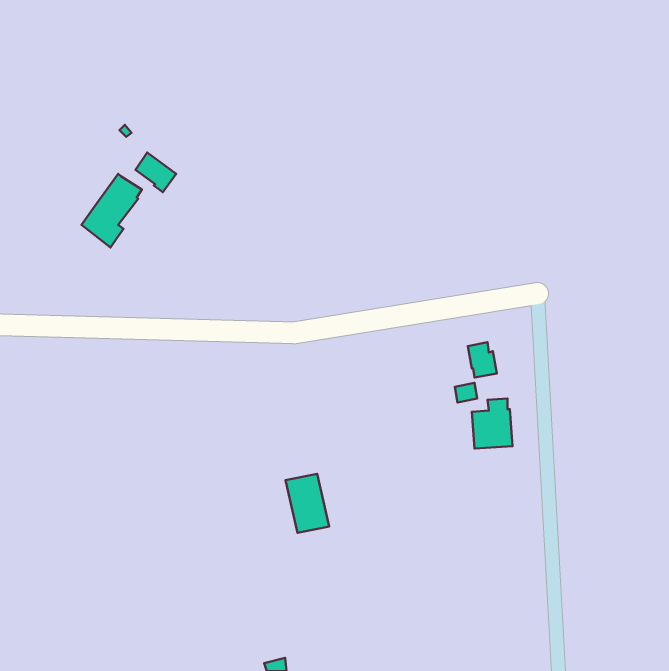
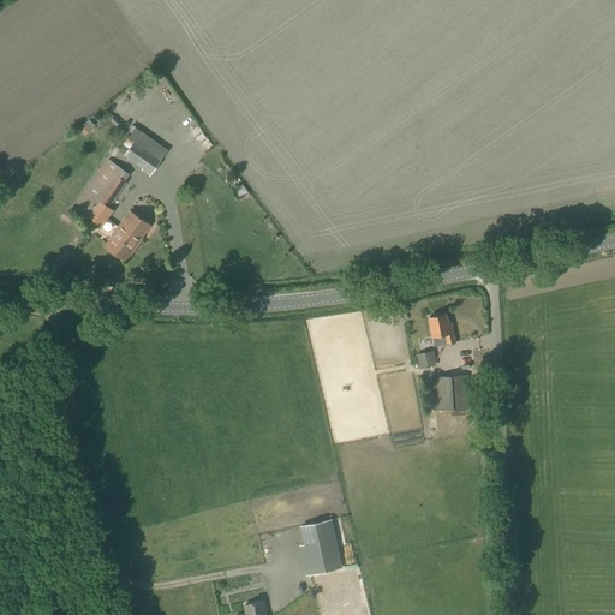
building: none -> [107,209,153,259]
building: [286,474,329,533] -> [300,520,340,574]

